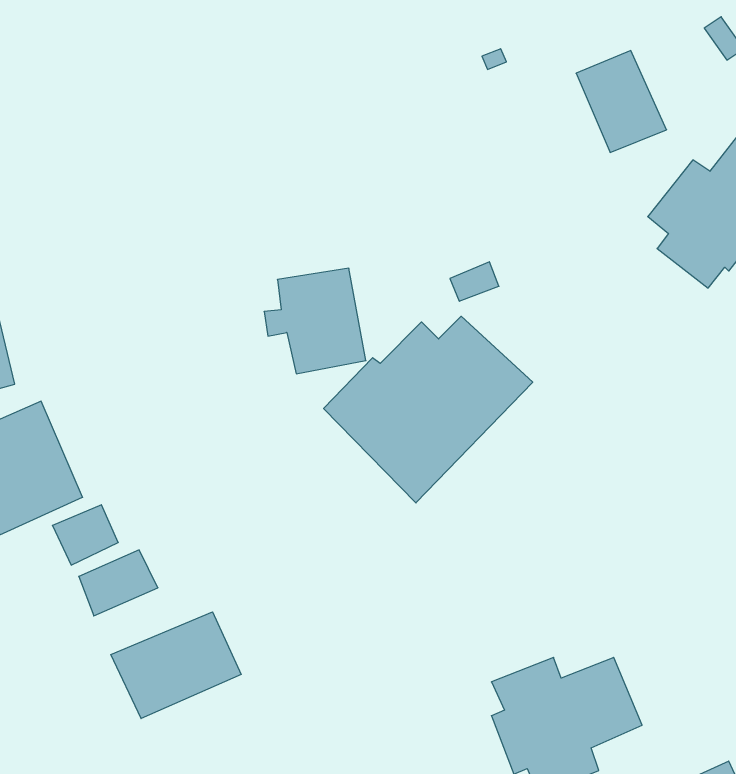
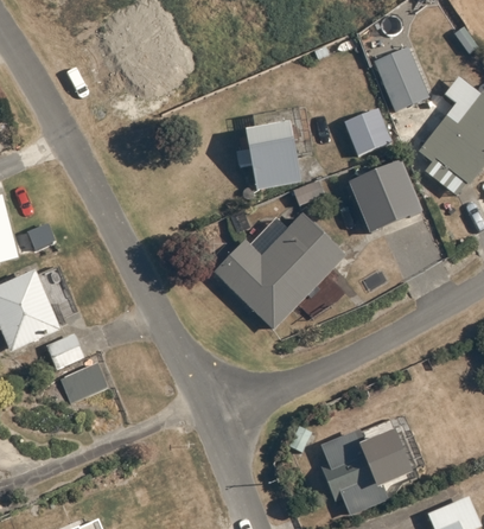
building: none -> [345,108,393,154]
building: none -> [349,160,424,232]
building: [264,268,366,374] -> [237,123,301,190]
building: [111,612,241,719] -> none

